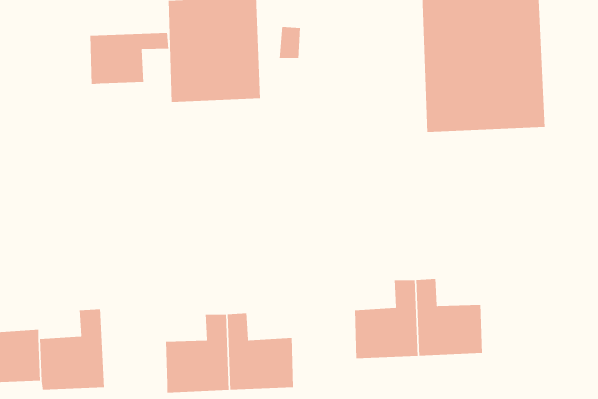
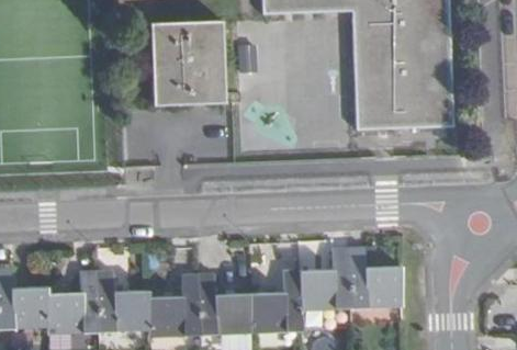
building: [89,32,169,85] -> none
building: none -> [97,269,149,332]
building: none -> [250,270,302,332]

